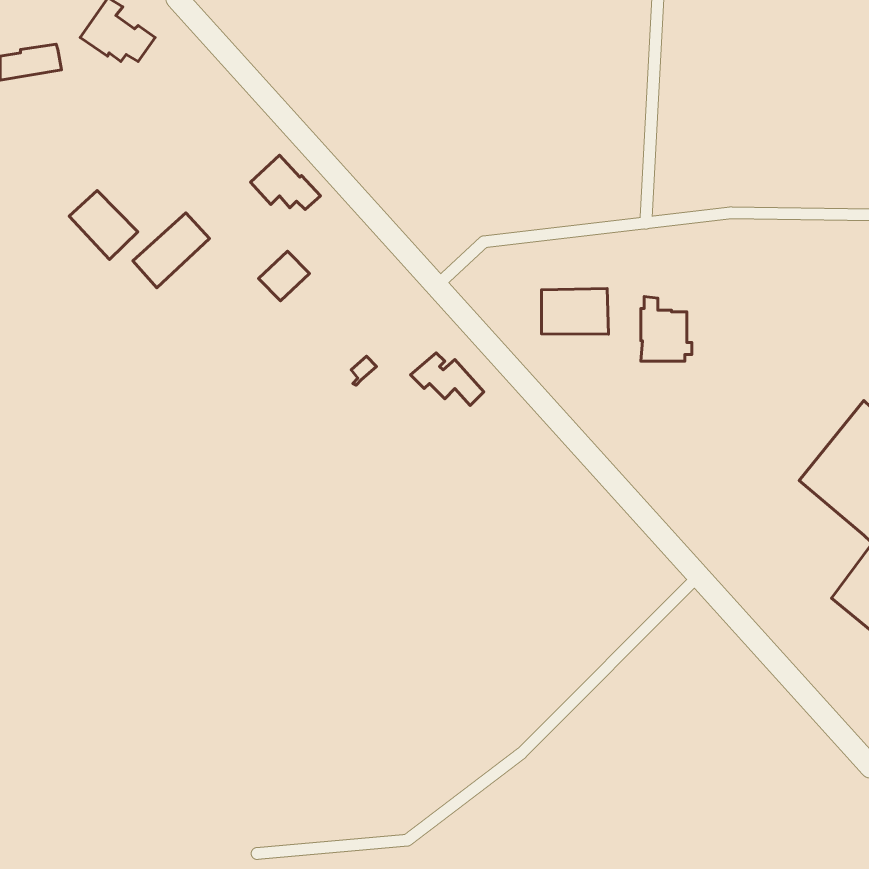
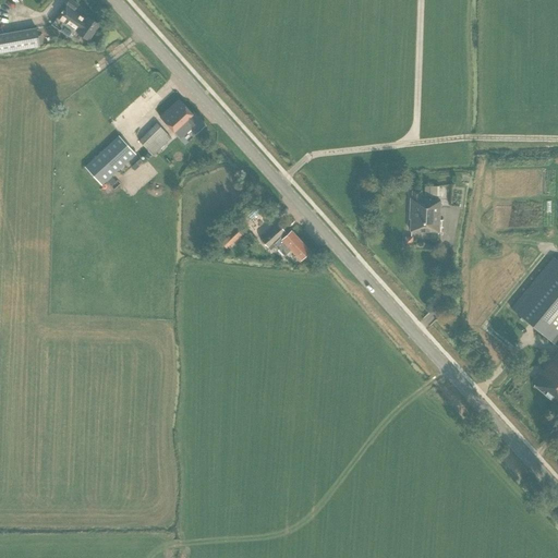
building: [69,190,138,260] -> none
building: [258,251,310,301] -> [140,122,172,154]
building: [542,288,608,334] -> none

